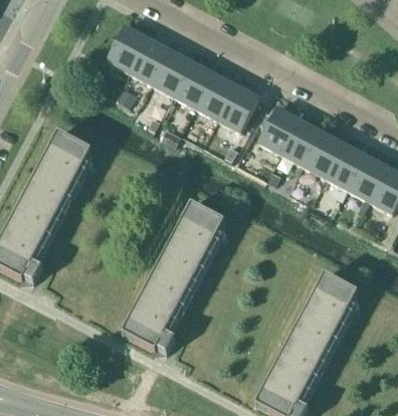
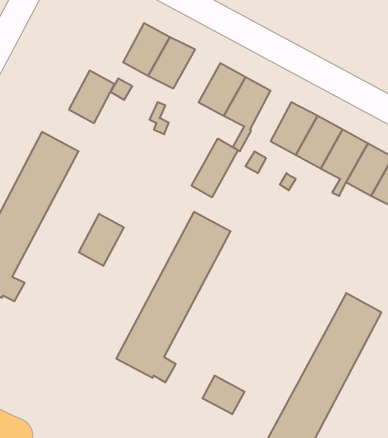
building: [107,25,147,71] -> [69,71,115,123]
building: [173,60,214,107] -> none
building: none -> [192,139,238,197]
building: none -> [79,214,124,266]
building: none -> [202,376,244,414]

